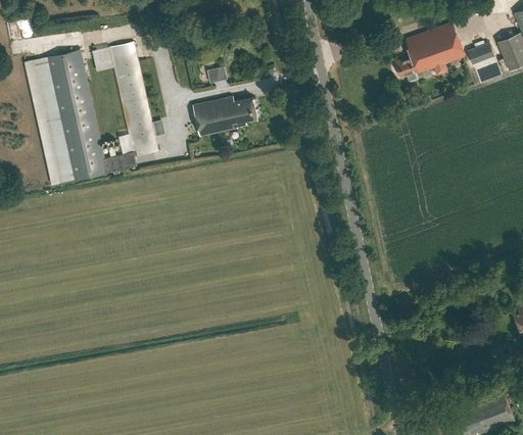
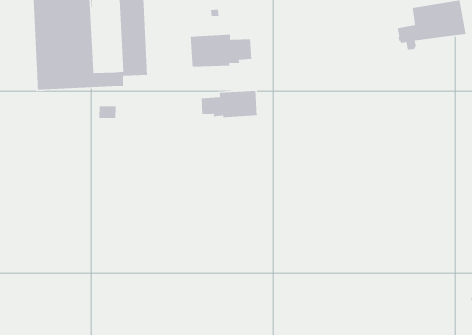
building: none -> [201,90,257,118]

